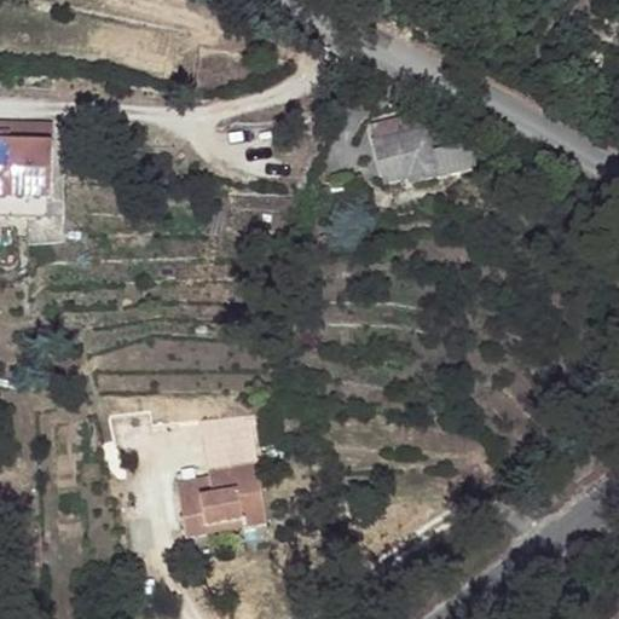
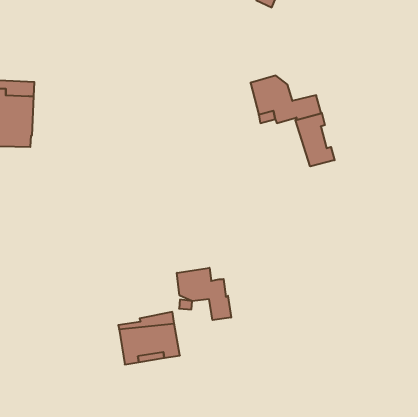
building: none -> [295,113,335,166]
building: none -> [177,268,231,320]

